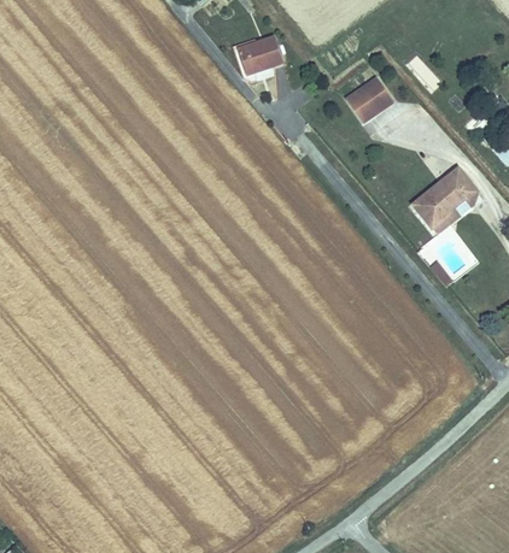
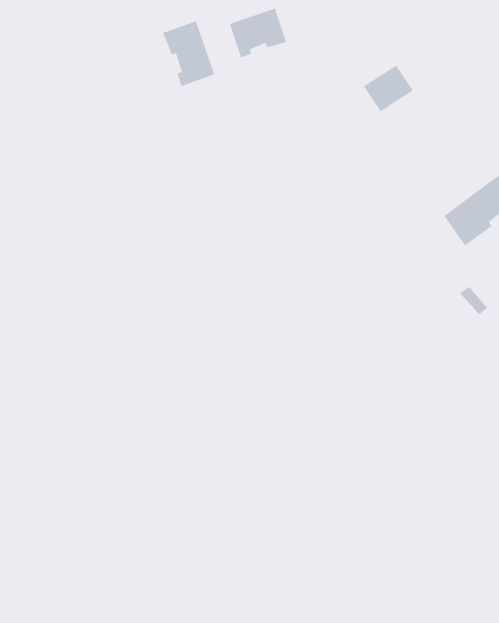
building: none -> [162,20,215,87]

